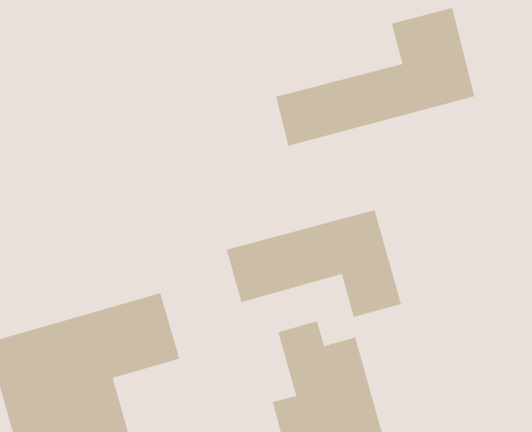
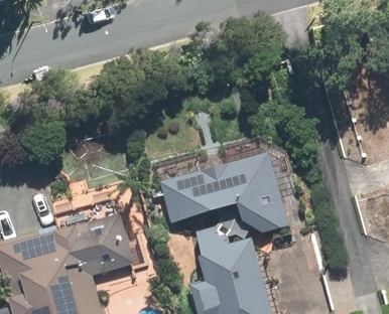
building: [276,7,475,147] -> none

